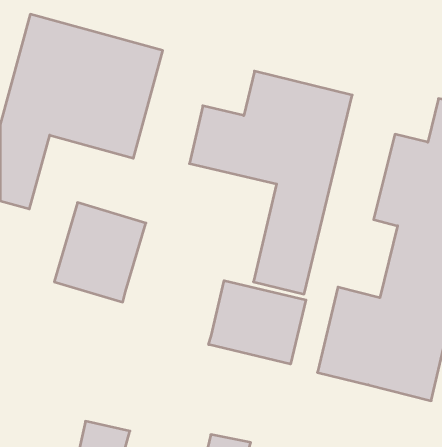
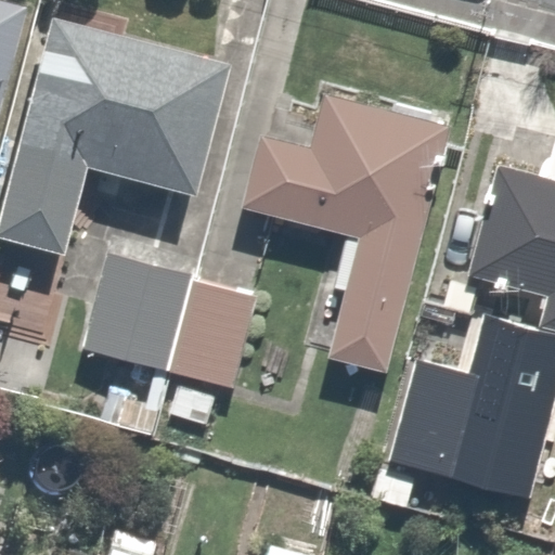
building: none -> [168,281,267,386]
building: [209,281,306,364] -> none

